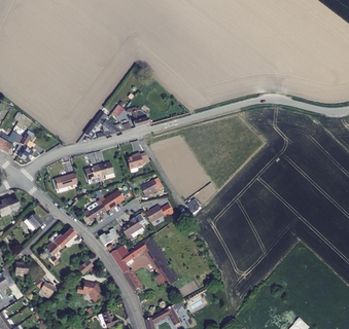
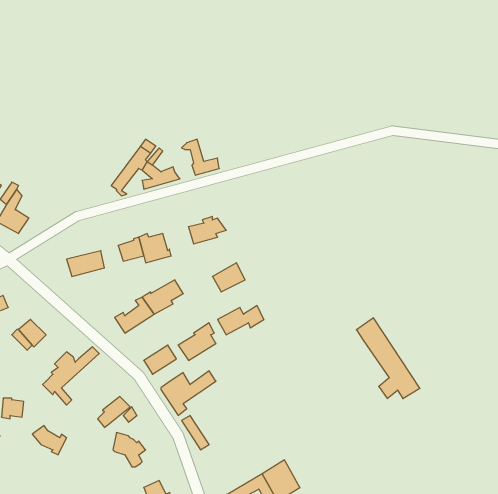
building: [140,236,178,285] -> [356,318,420,399]

